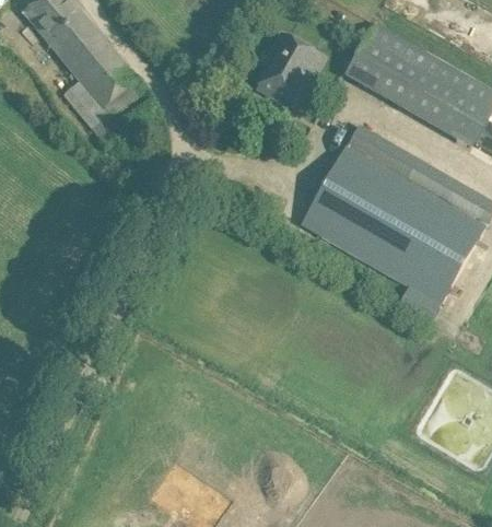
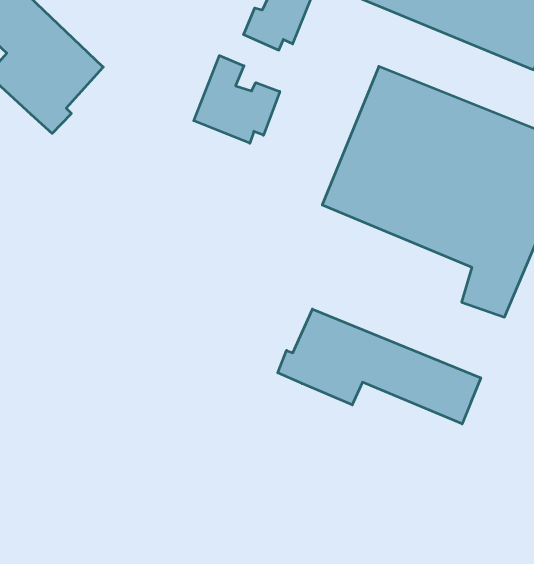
building: none -> [194,56,280,143]
building: none -> [278,309,481,424]

